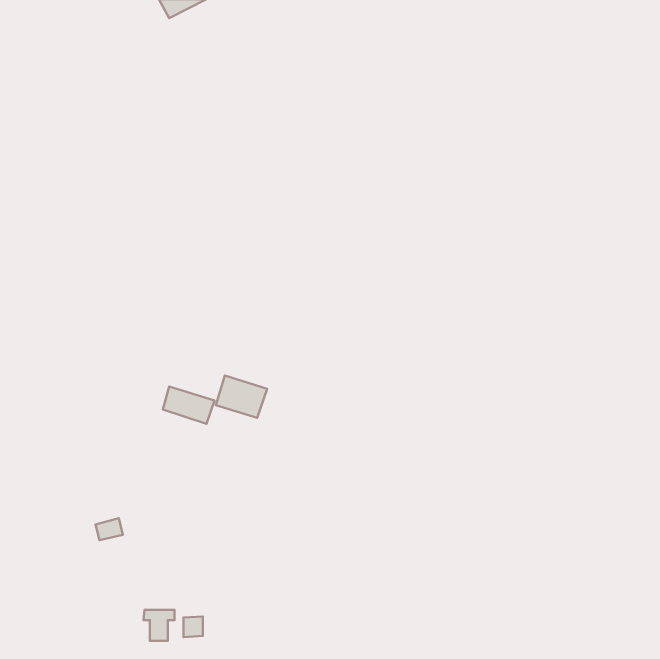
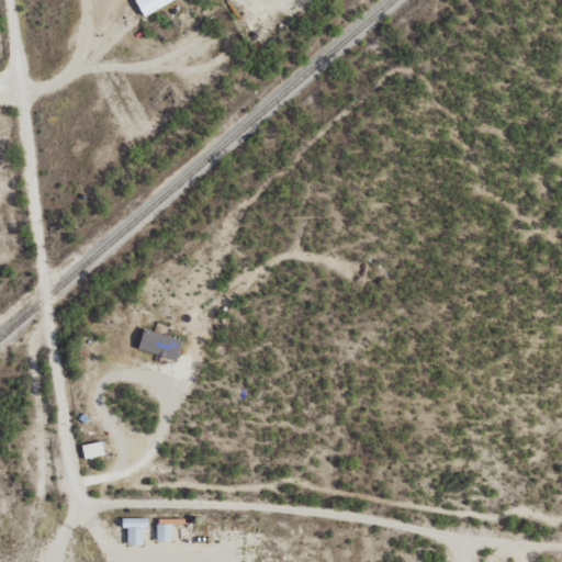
building: [216,375,267,418] -> none

